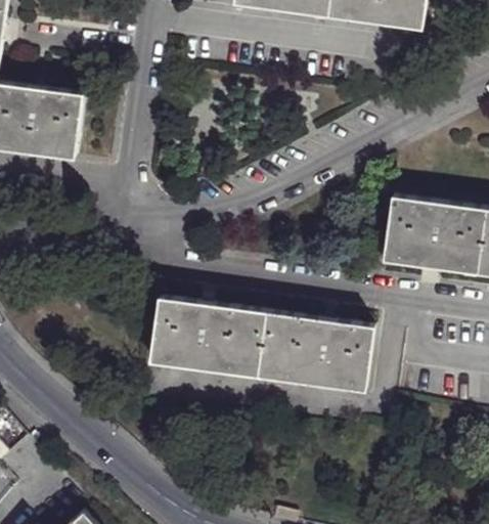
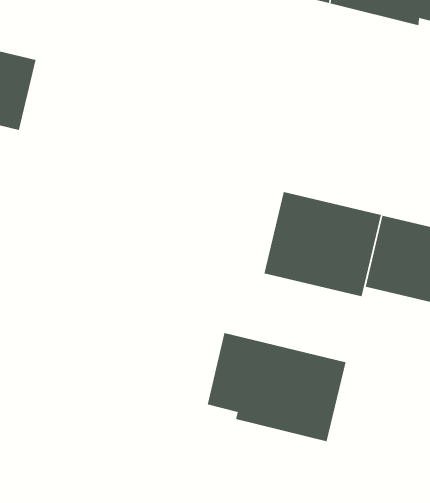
building: none -> [264,191,382,297]
building: [149,297,266,378] -> none

